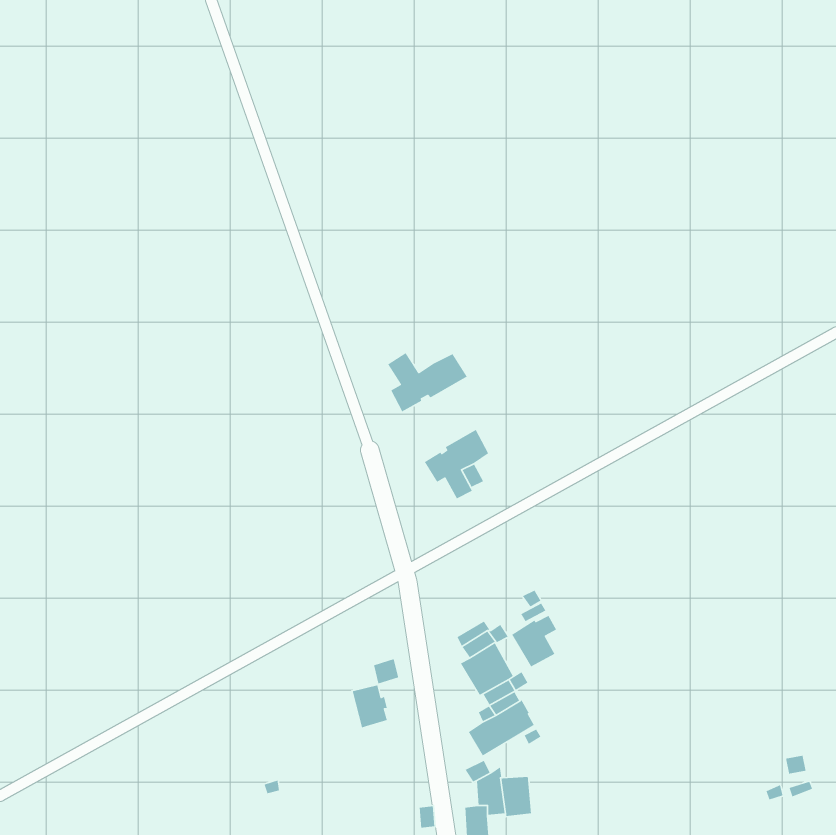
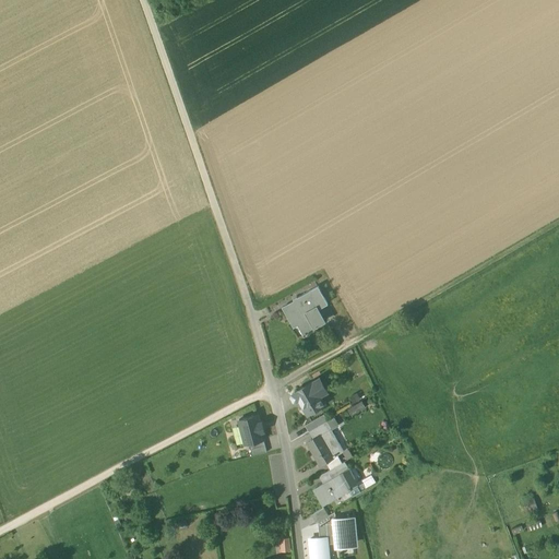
building: [387,352,468,412] -> none
building: [511,615,557,667] -> [295,380,325,415]
building: [352,684,388,729] -> [239,416,263,445]

